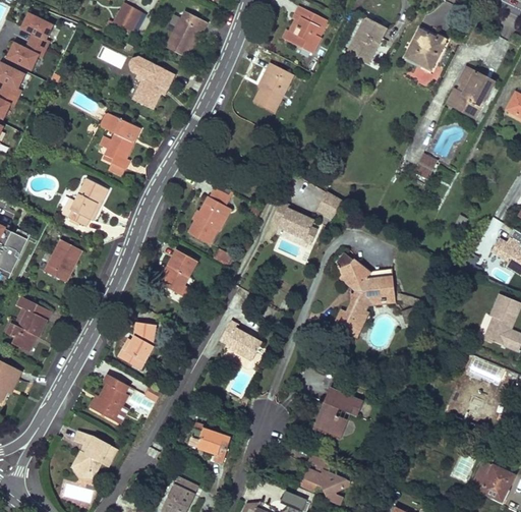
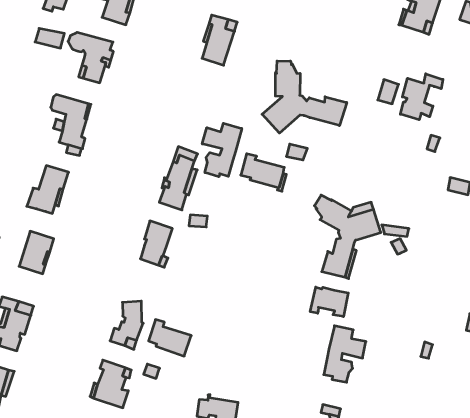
building: none -> [262,61,347,133]
building: none -> [400,74,443,120]
building: none -> [202,123,242,177]
building: [220,321,262,360] -> [149,320,191,356]
building: none -> [310,287,348,317]

